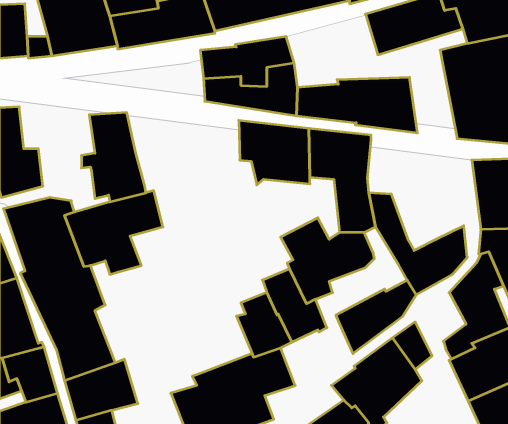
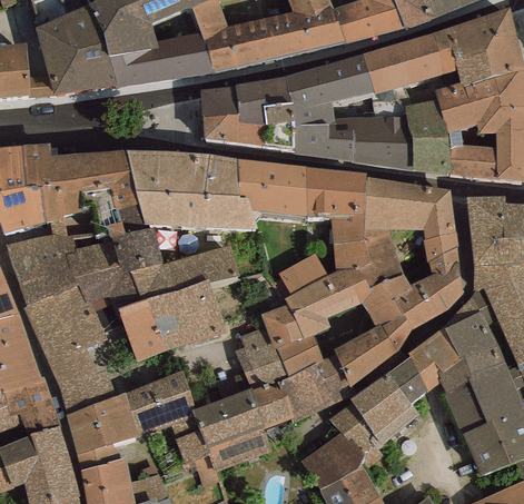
building: none -> [284,53,374,126]
building: none -> [404,100,452,176]
building: none -> [21,142,96,238]
building: none -> [127,150,257,228]
building: none -> [364,177,458,275]
building: none -> [118,245,239,360]
building: none -> [360,263,403,326]
building: none -> [408,327,461,389]
building: none -> [278,355,352,423]
building: none -> [125,370,196,436]

